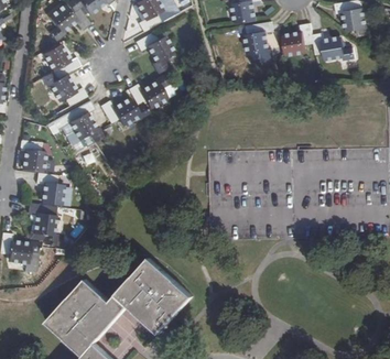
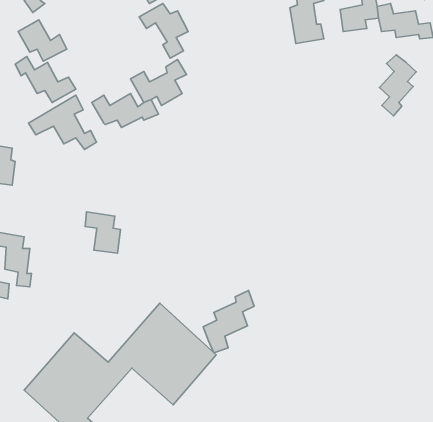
building: none -> [379,55,416,116]
building: [34,173,61,204] -> [85,212,121,253]
building: none -> [203,290,254,353]

